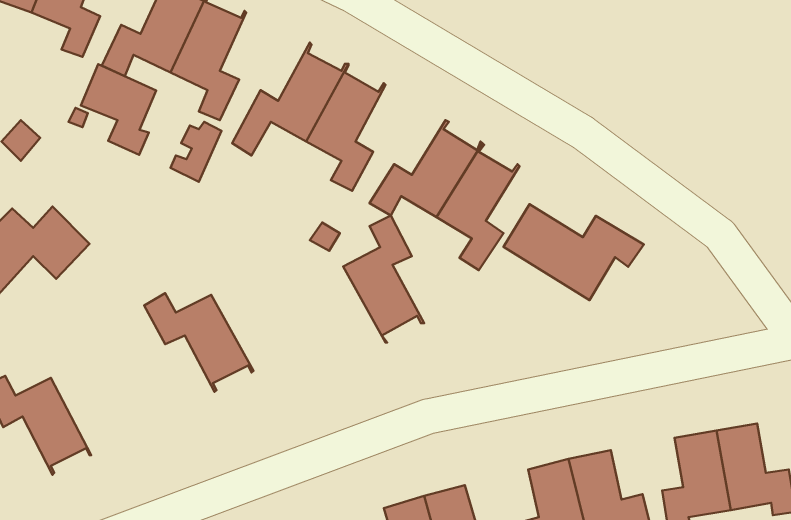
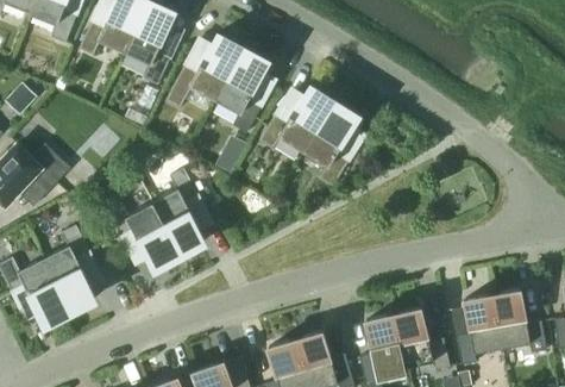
building: [81,64,156,155] -> none
building: [504,204,644,300] -> none
building: [343,215,424,342] -> [152,169,207,255]
building: none -> [44,226,98,312]

